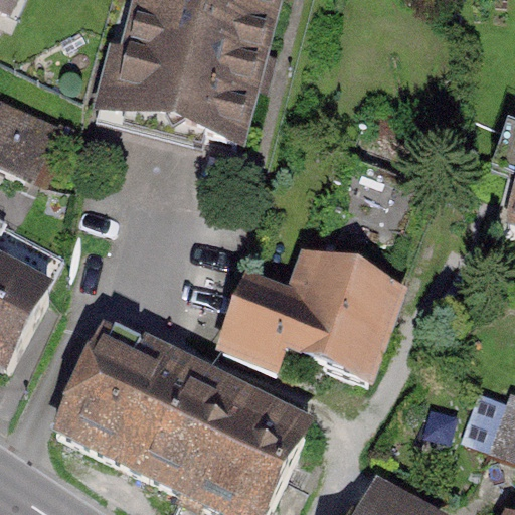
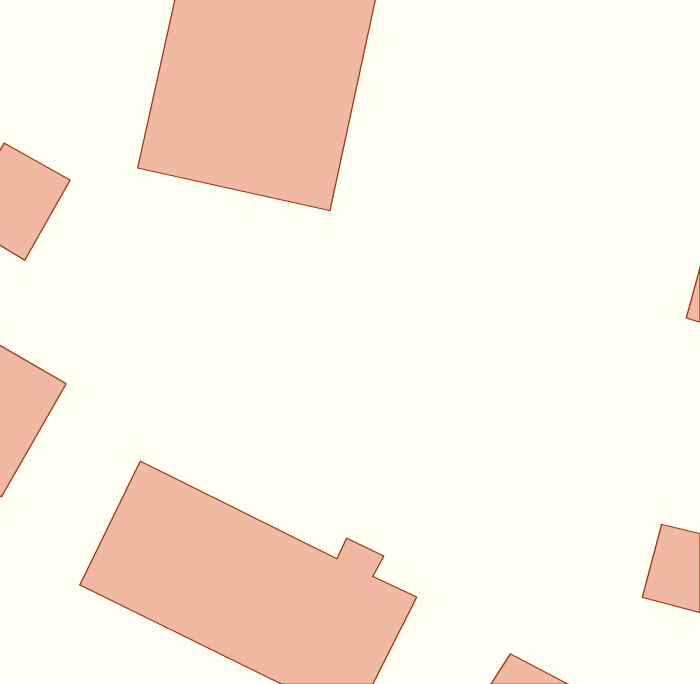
building: [215,238,411,374] -> none

